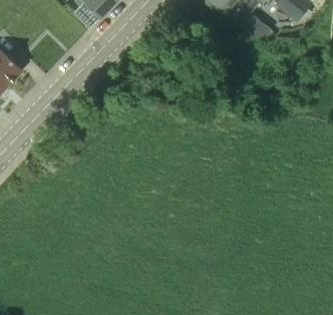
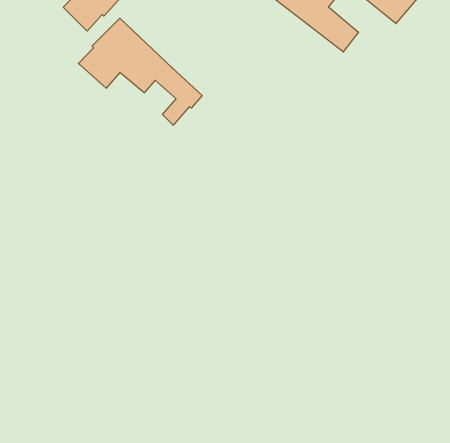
building: none -> [78,18,202,125]

